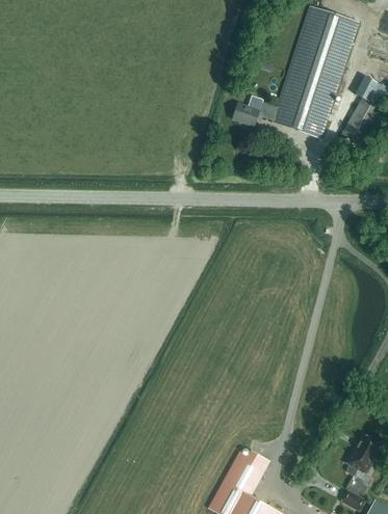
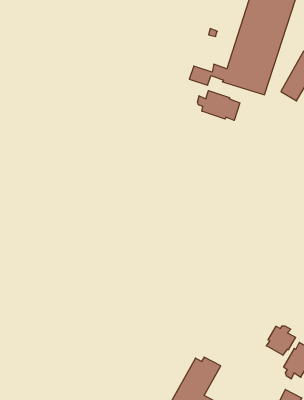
building: none -> [197,91,240,120]
building: none -> [266,326,296,355]

